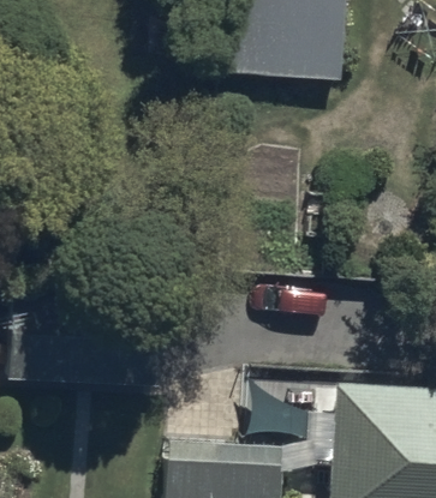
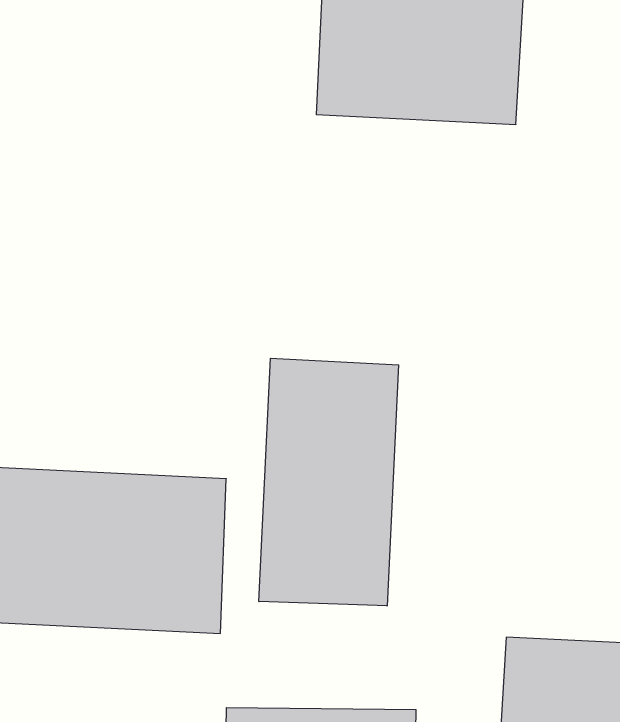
building: none -> [259,358,399,606]

